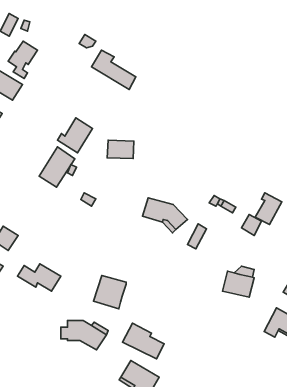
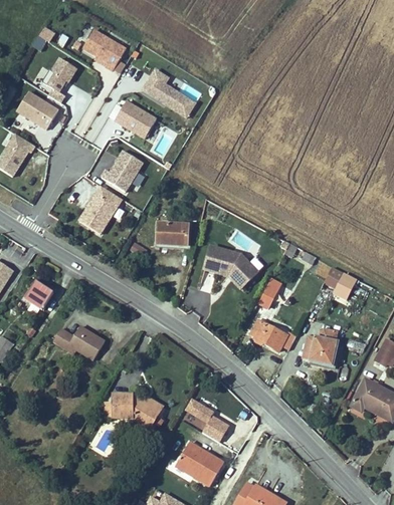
building: none -> [83,29,127,69]
building: none -> [115,100,157,138]
building: [107,140,134,159] -> [157,223,189,245]
building: [255,193,282,224] -> none
building: none -> [250,319,297,354]
building: [93,275,126,309] -> none

